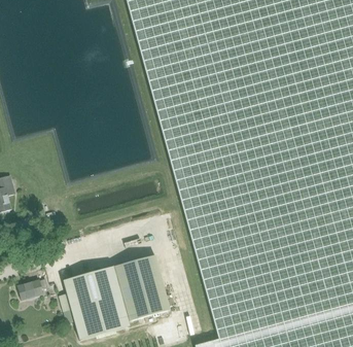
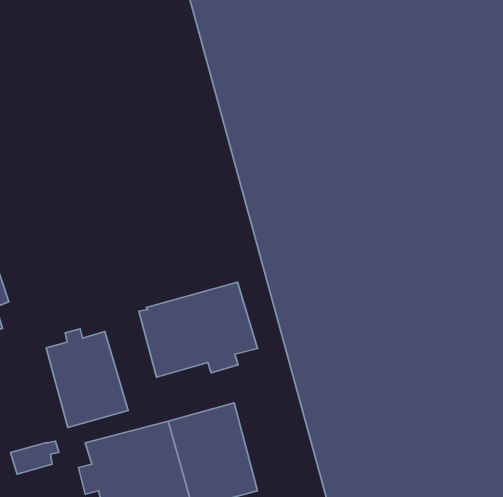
building: none -> [139,282,258,377]
building: none -> [46,329,128,428]

